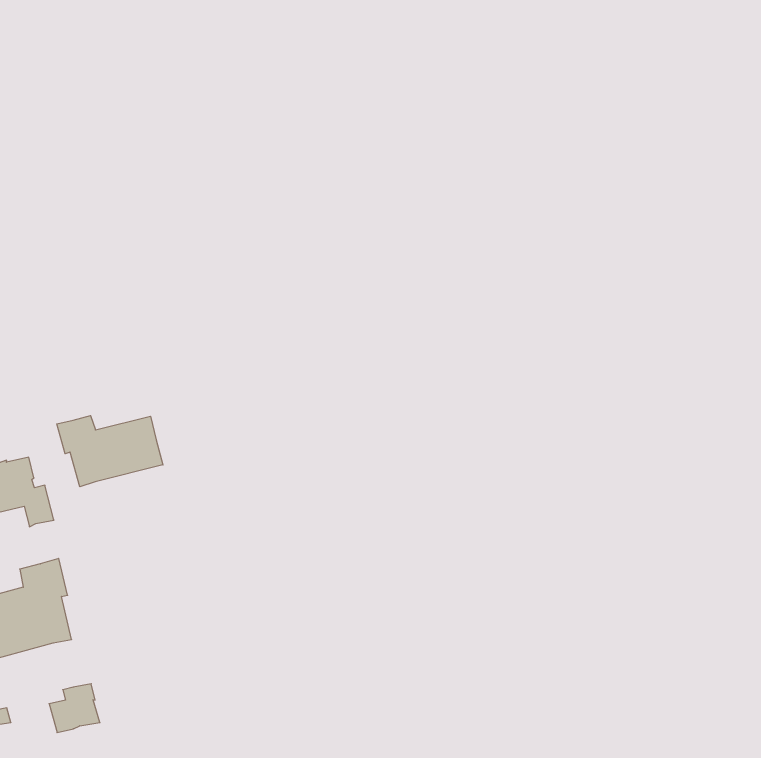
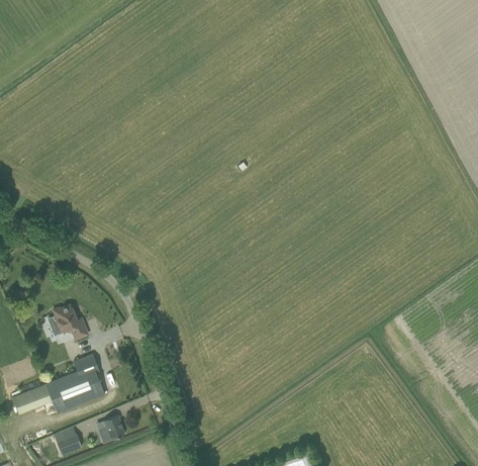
building: [57,416,163,487] -> none

